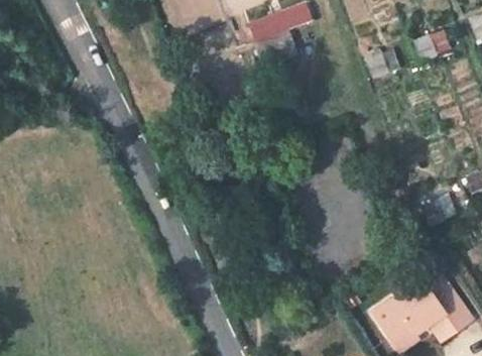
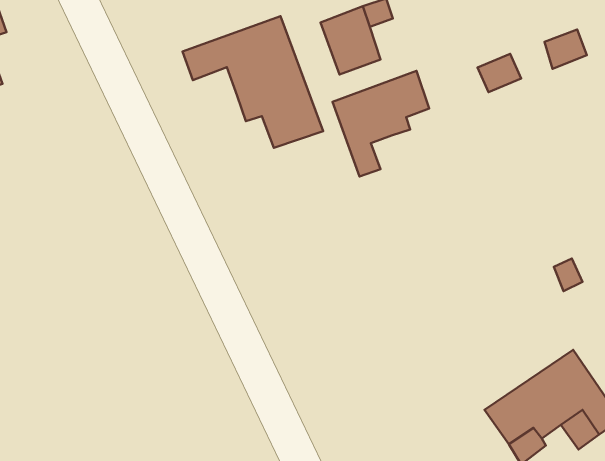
building: none -> [182,16,323,148]
building: none -> [332,71,429,177]

